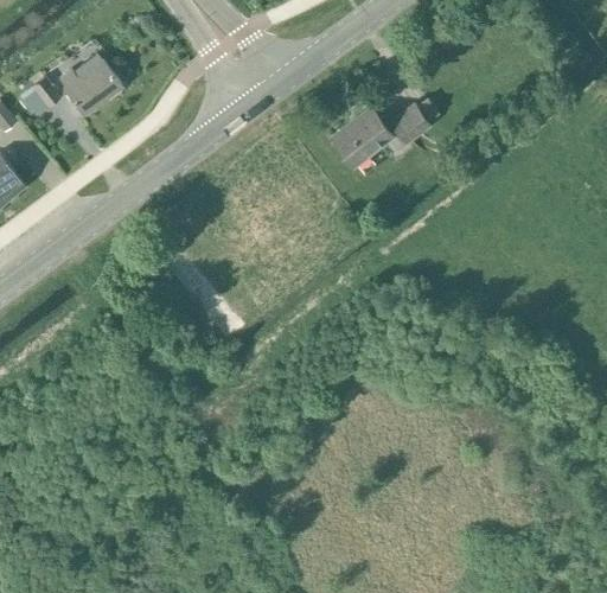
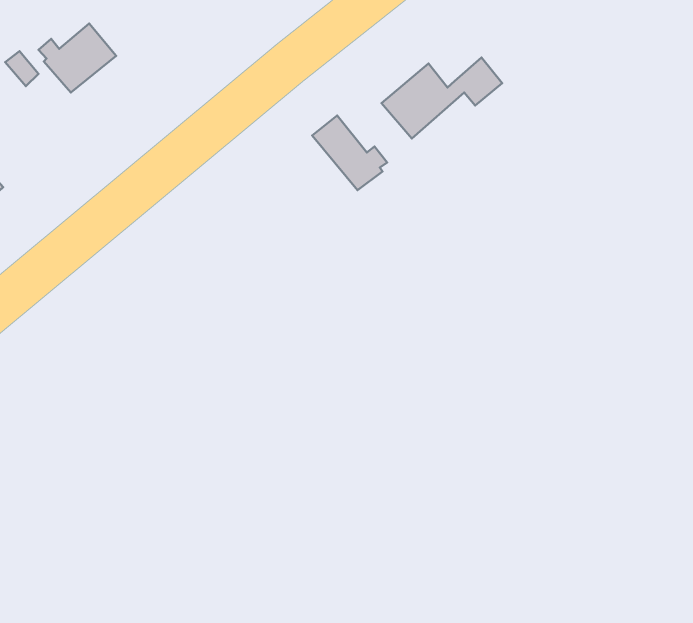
building: none -> [312,116,387,190]

